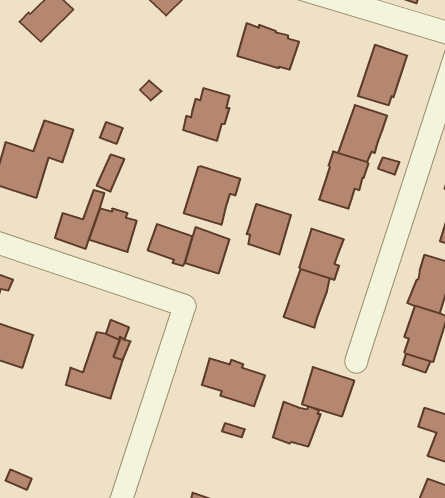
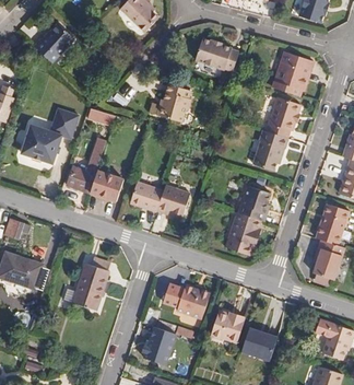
building: [184,166,240,225] -> none
building: [247,204,291,255] -> none
building: [302,367,354,416] -> [246,325,283,360]
building: none -> [142,328,170,364]

